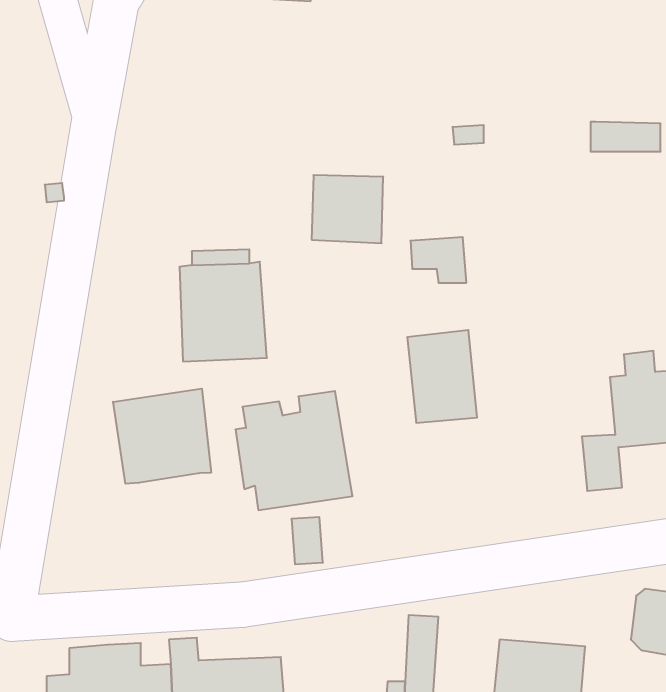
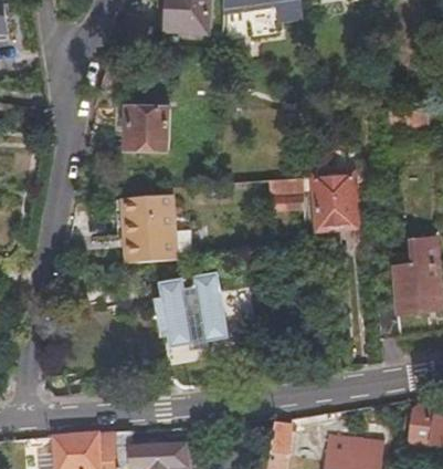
building: [312,175,383,243] -> [127,106,172,149]
building: [407,330,477,423] -> [313,173,357,231]
building: [113,389,211,484] -> none

